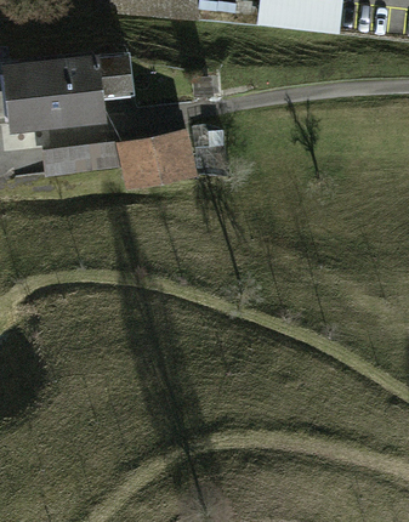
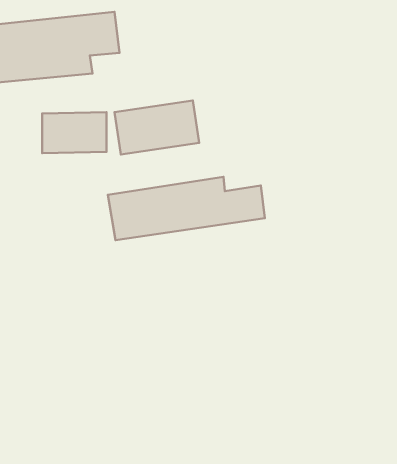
building: none -> [108,177,265,240]

